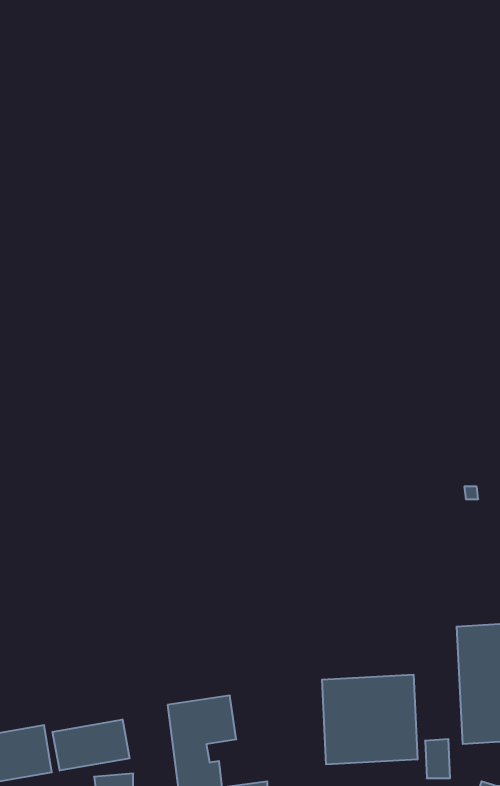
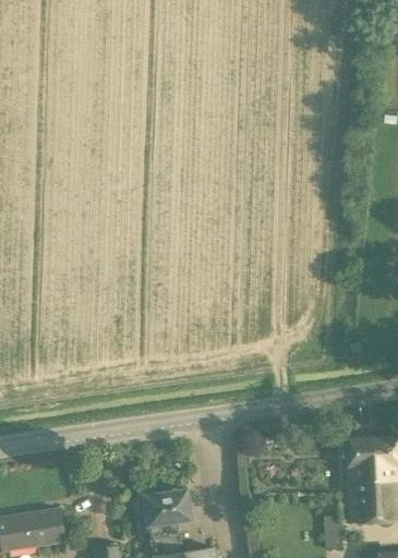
building: [322,675,417,764] -> none
building: [53,719,130,771] -> none

